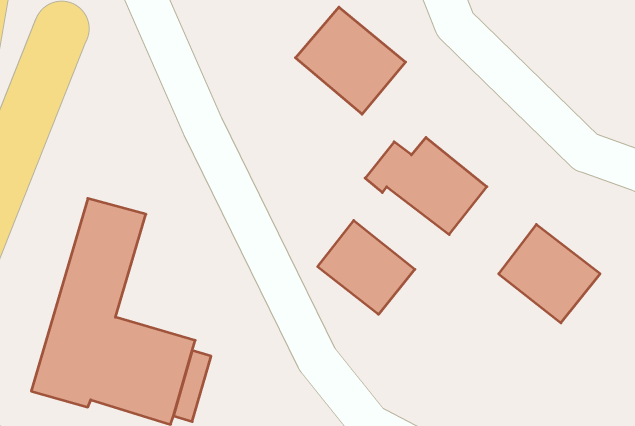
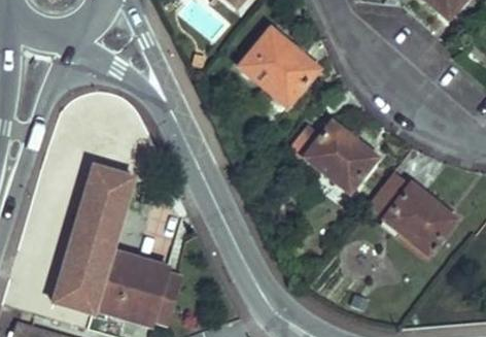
building: none -> [368,171,411,220]
building: [318,220,415,314] -> none

